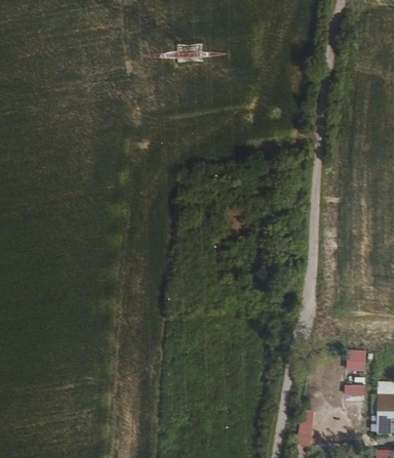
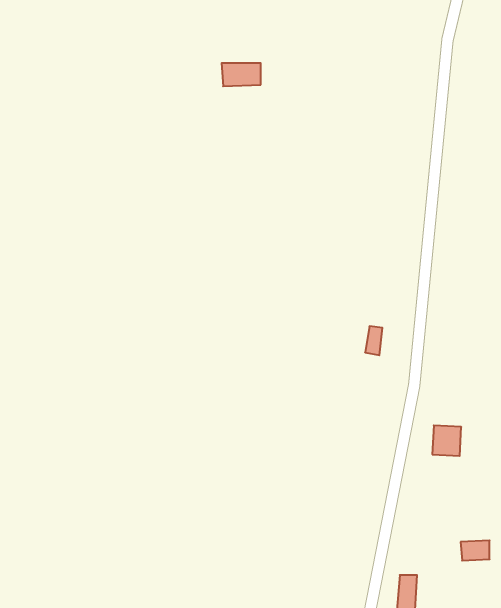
building: [346,349,366,371] -> [432,425,461,456]

